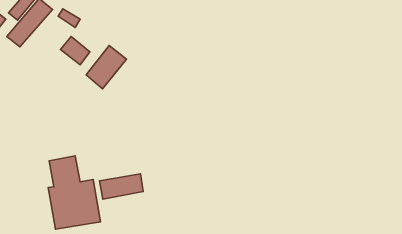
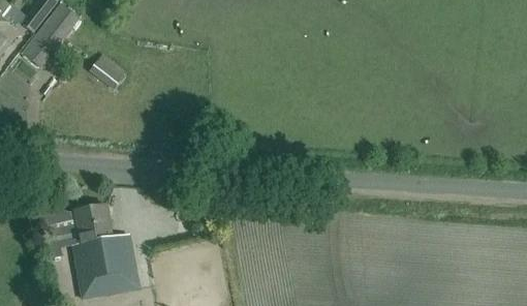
building: [86,45,127,89] -> none
building: [100,174,143,199] -> none

